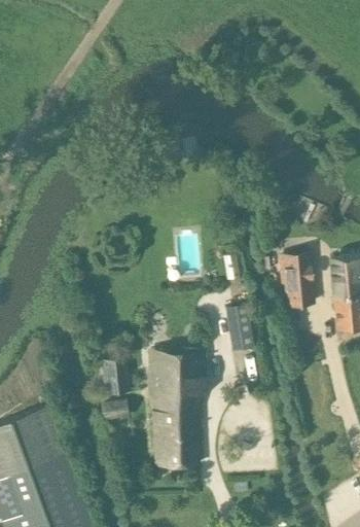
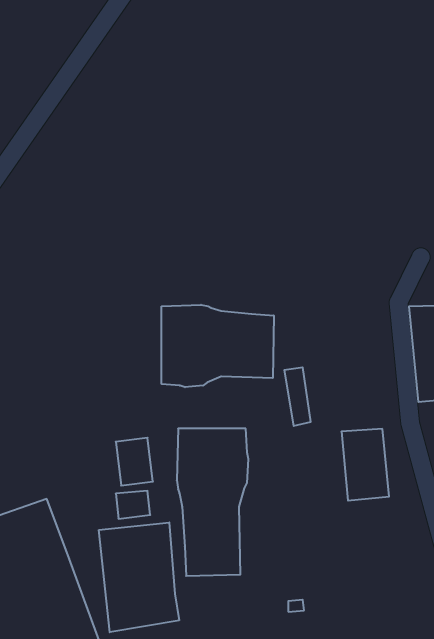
building: [277,254,314,310] -> [341,429,389,501]
building: none -> [162,305,274,387]
building: none -> [99,522,179,632]

